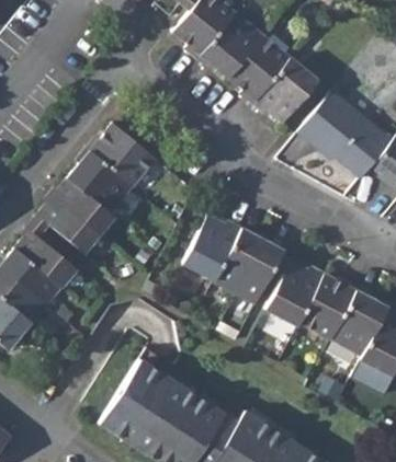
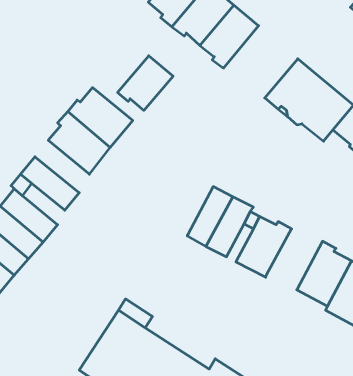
building: [253,58,319,124] -> none
building: none -> [118,56,173,110]
building: [53,180,114,235] -> none
building: [183,215,242,280] -> none
building: [299,274,359,338] -> none

